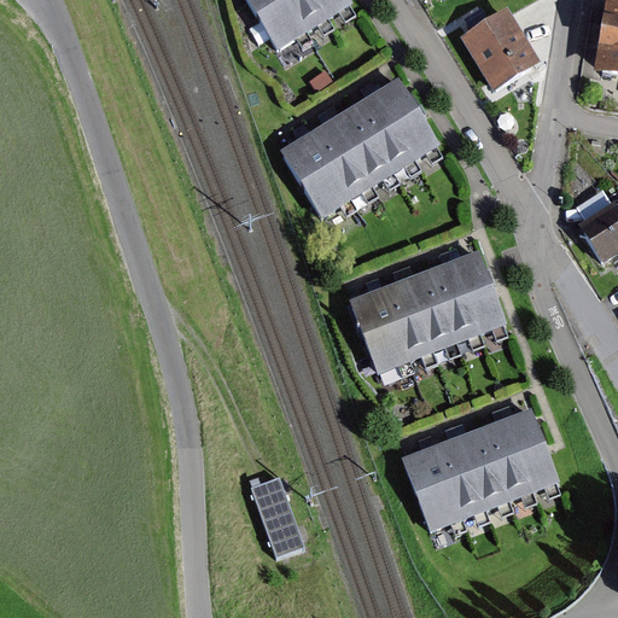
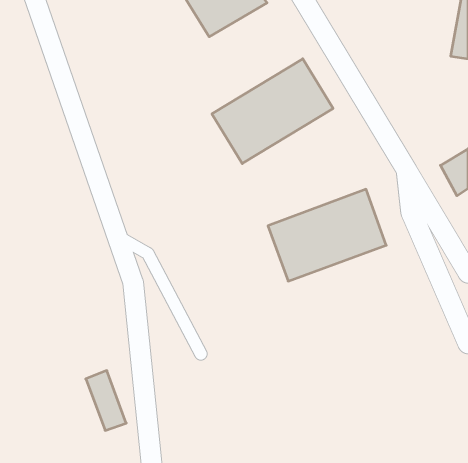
building: [459,10,538,98] -> none
building: [401,408,558,531] -> none
building: [251,477,304,555] -> [86,371,126,430]

